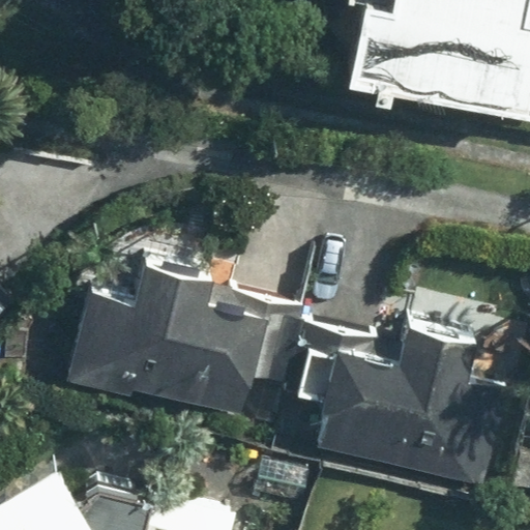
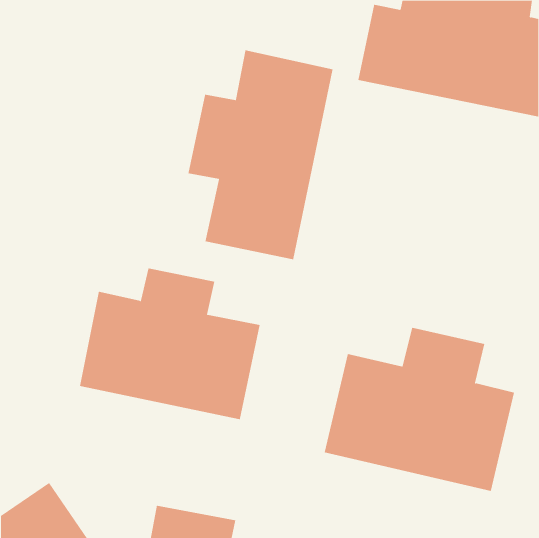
building: none -> [188,49,333,260]

